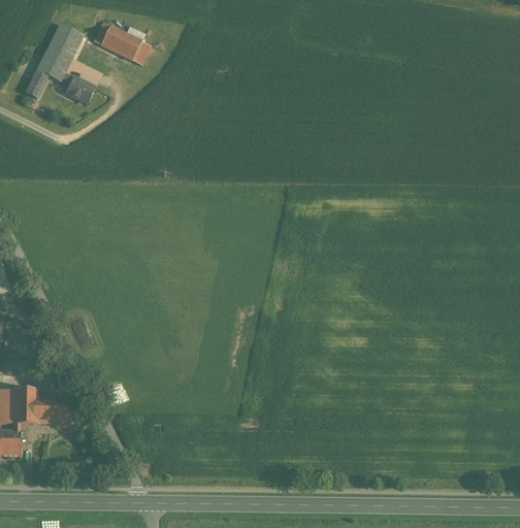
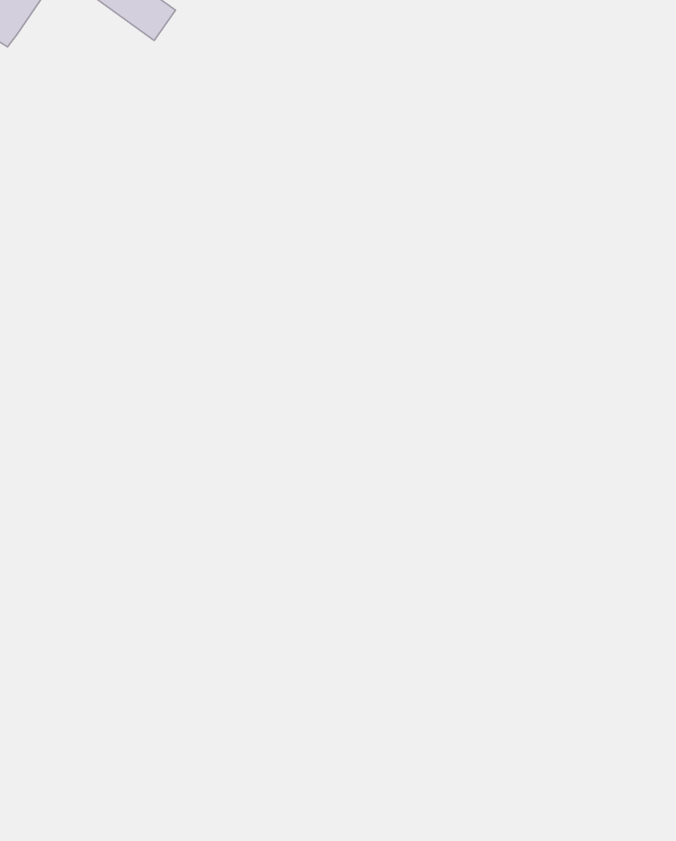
building: [59,73,94,103] -> none

